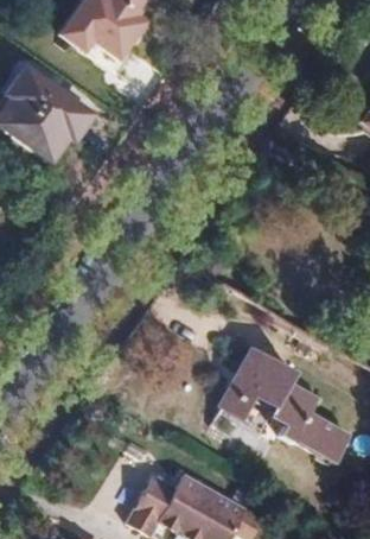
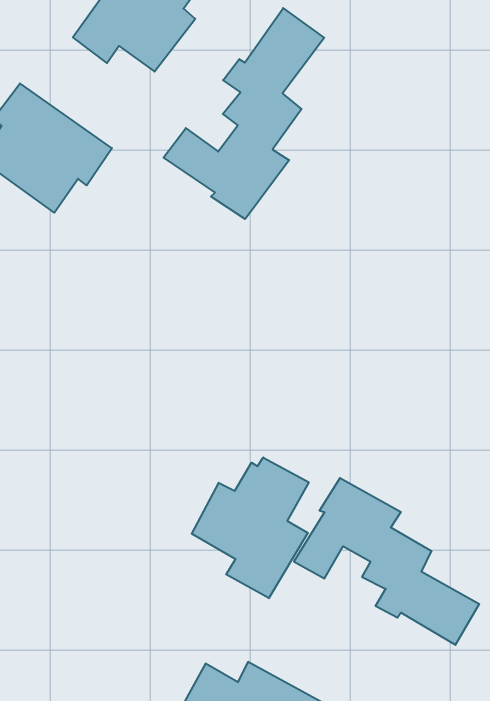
building: none -> [164,8,324,219]
building: none -> [192,457,309,598]

